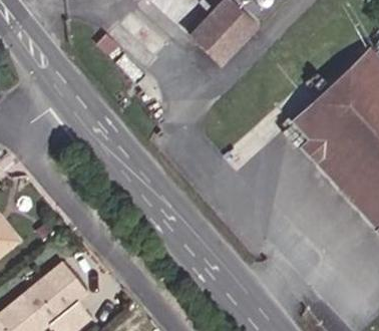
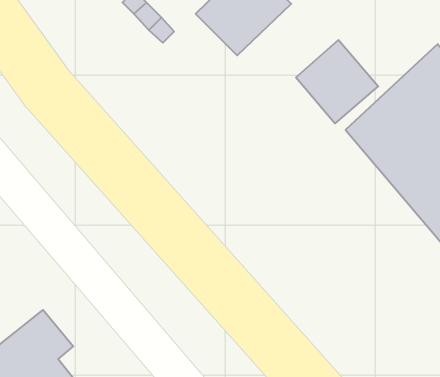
building: none -> [296,40,378,123]

